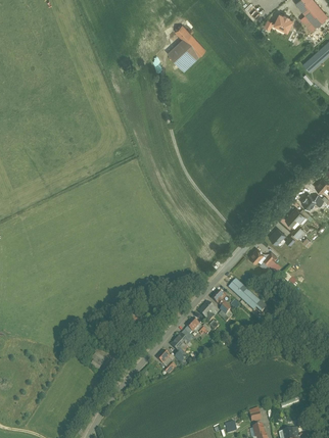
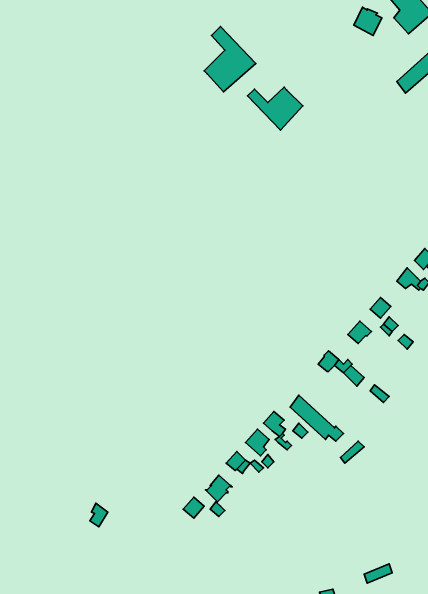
building: none -> [247,87,303,130]

